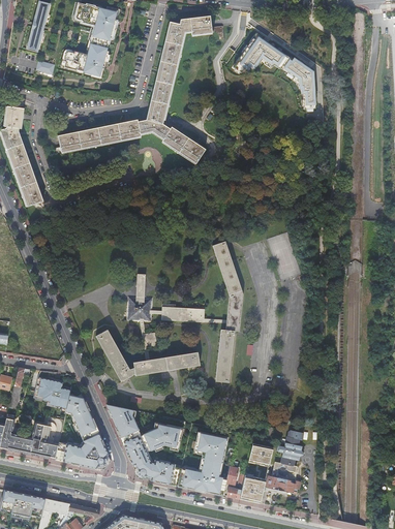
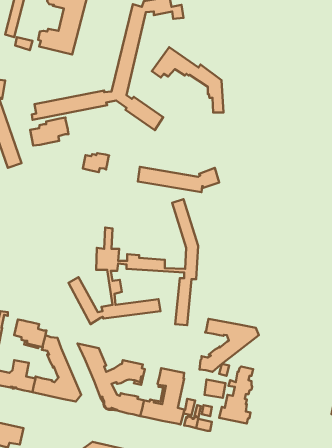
building: [235,35,315,108] -> [152,47,223,112]
building: none -> [30,118,69,146]
building: none -> [83,153,109,172]
building: none -> [138,167,219,192]
building: none -> [199,319,259,372]

